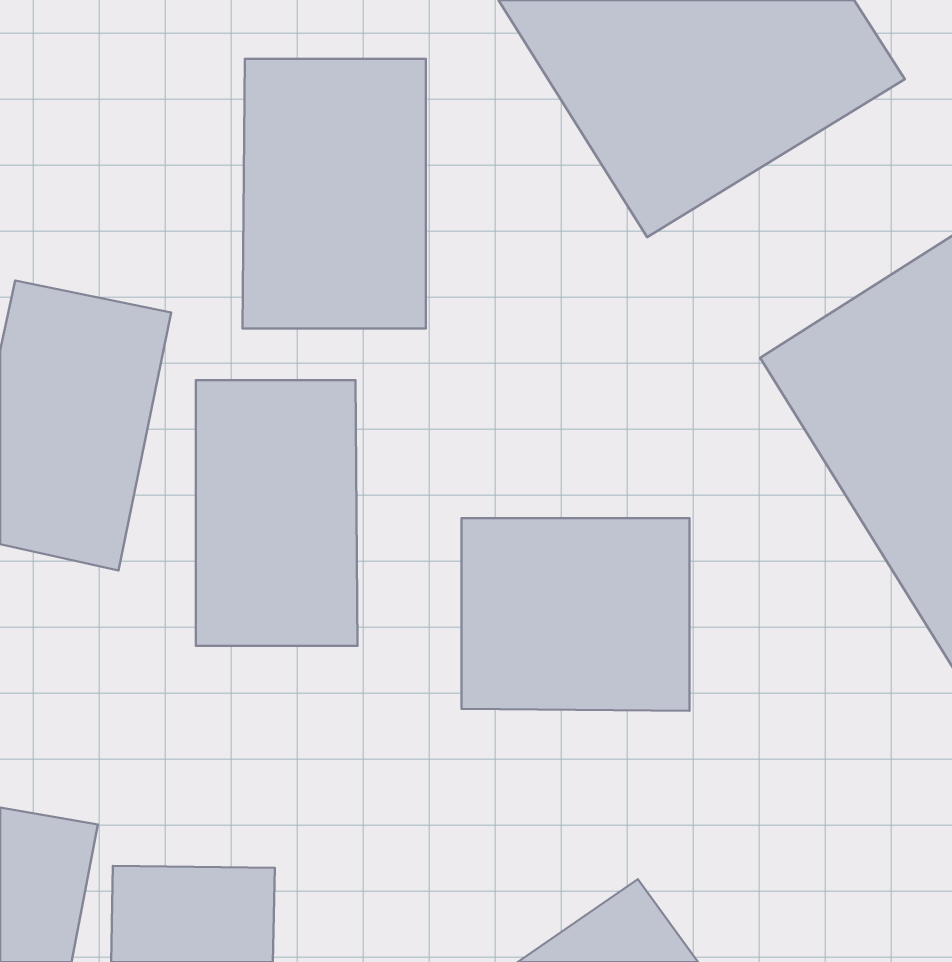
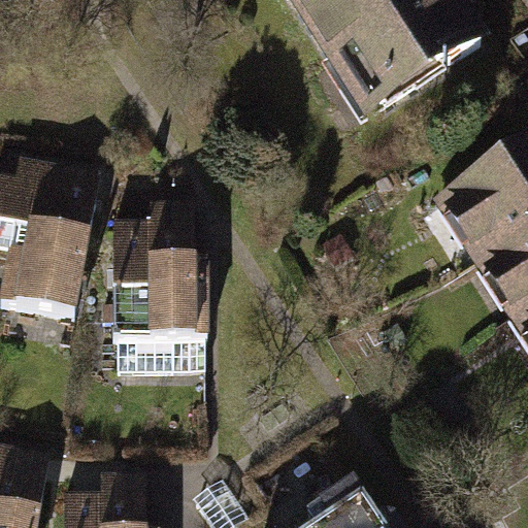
building: [243,59,426,328] -> none
building: [462,518,689,711] -> none

